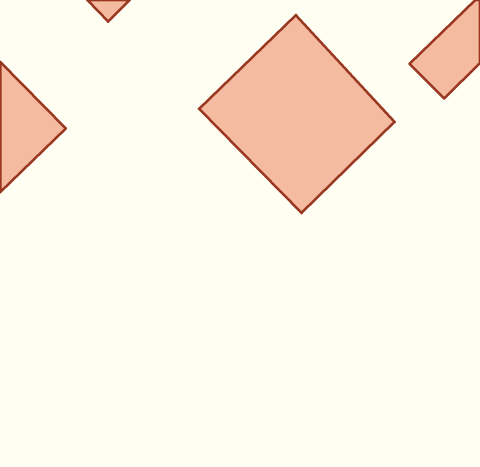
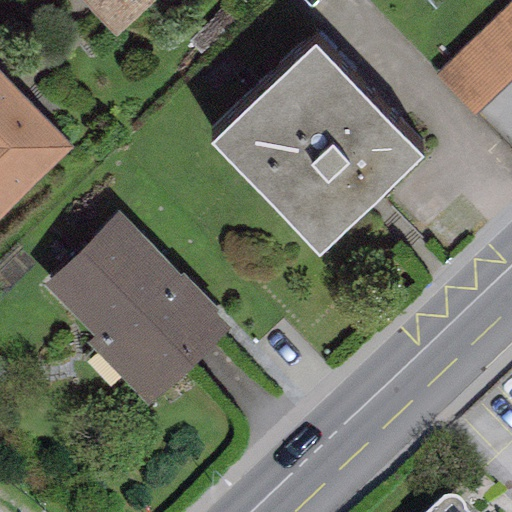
building: none -> [42,213,232,409]

